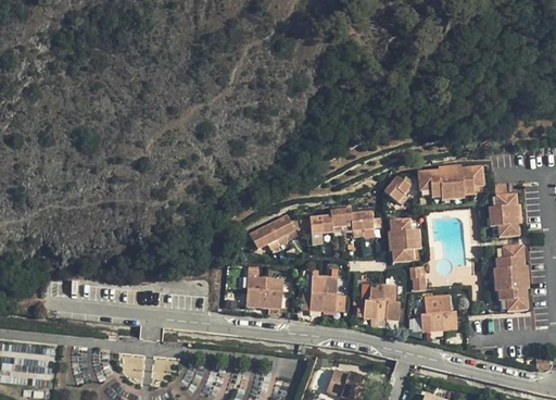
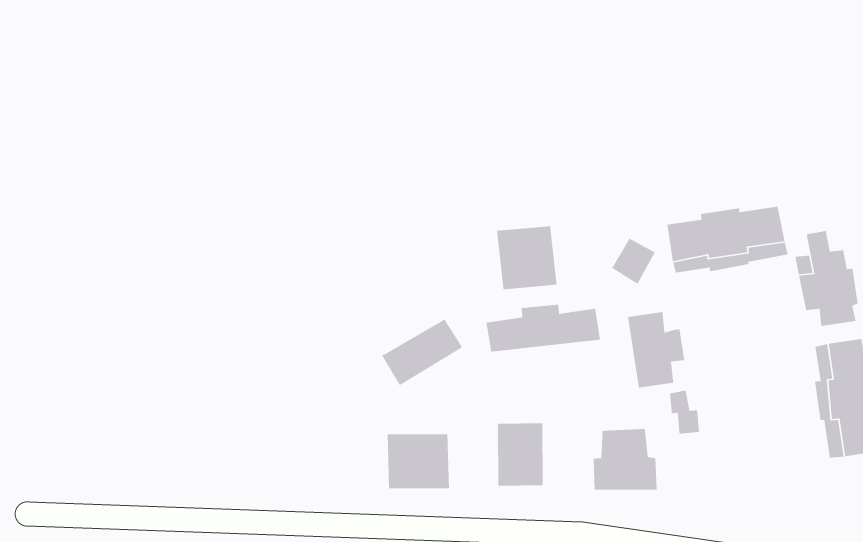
building: none -> [496,225,558,290]
building: [419,295,457,332] -> none

